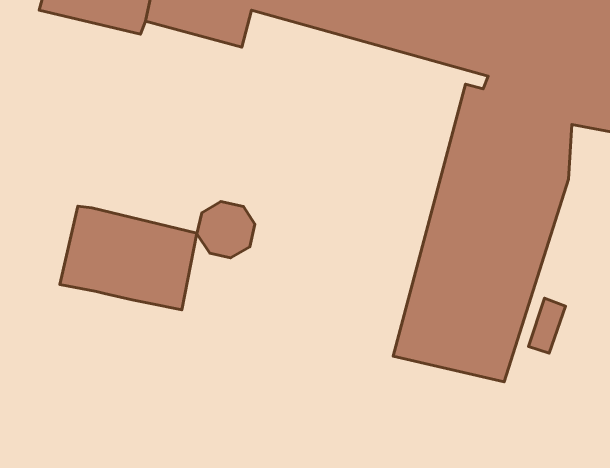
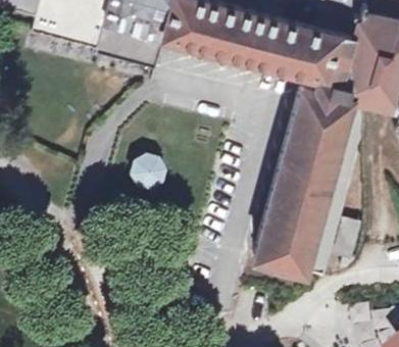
building: [60,206,197,310] -> none

